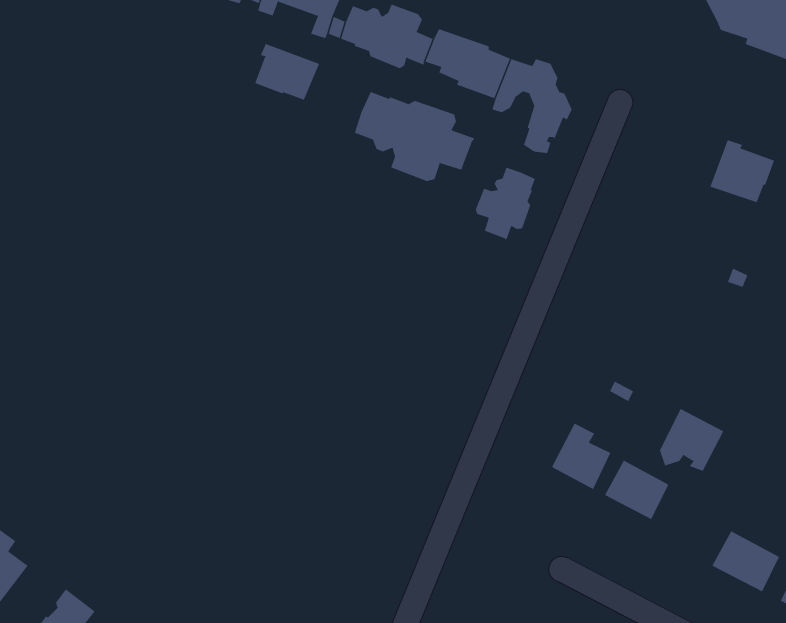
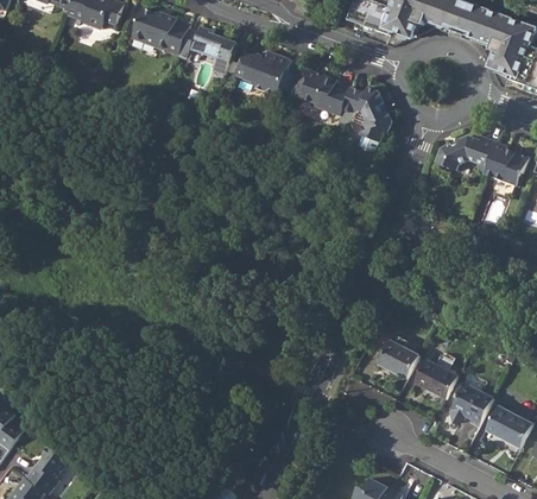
building: [255,43,320,100] -> none
building: [354,91,475,182] -> none
building: none -> [434,134,495,173]
building: [475,167,536,241] -> none
building: [659,408,724,472] -> [448,381,492,424]

